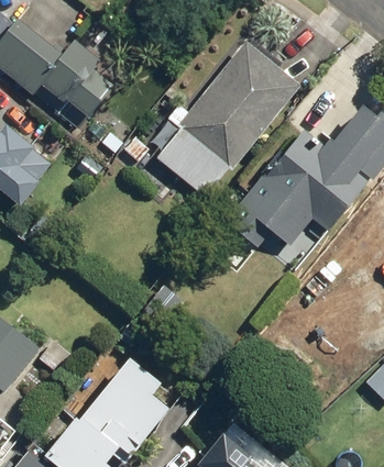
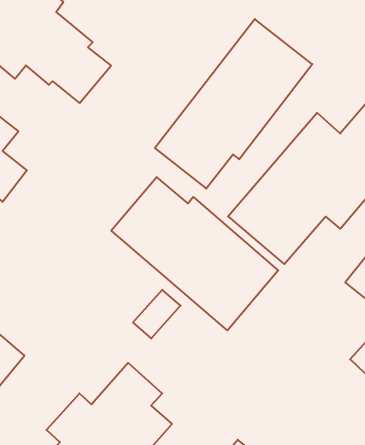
building: none -> [111,177,278,330]

